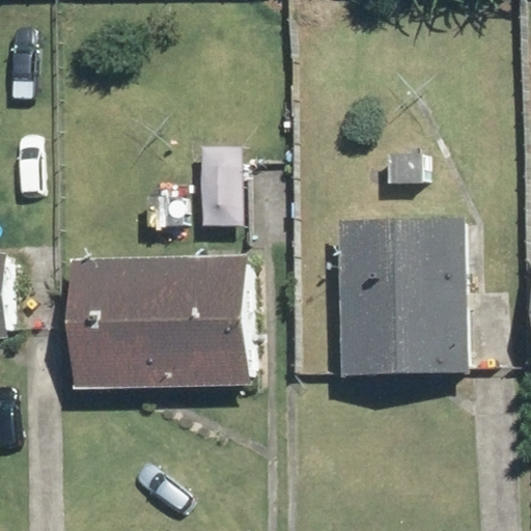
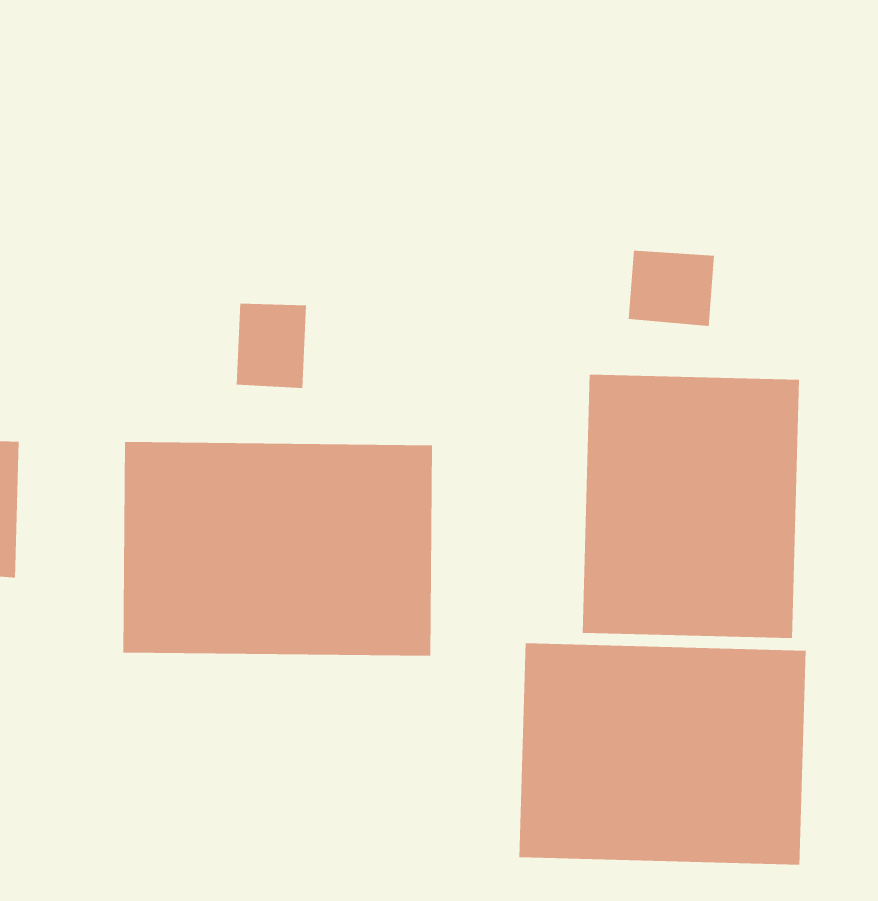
building: none -> [519,642,806,866]

